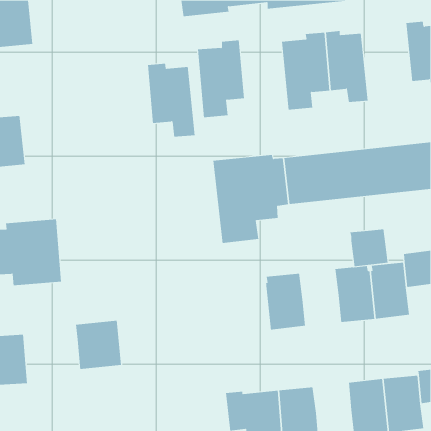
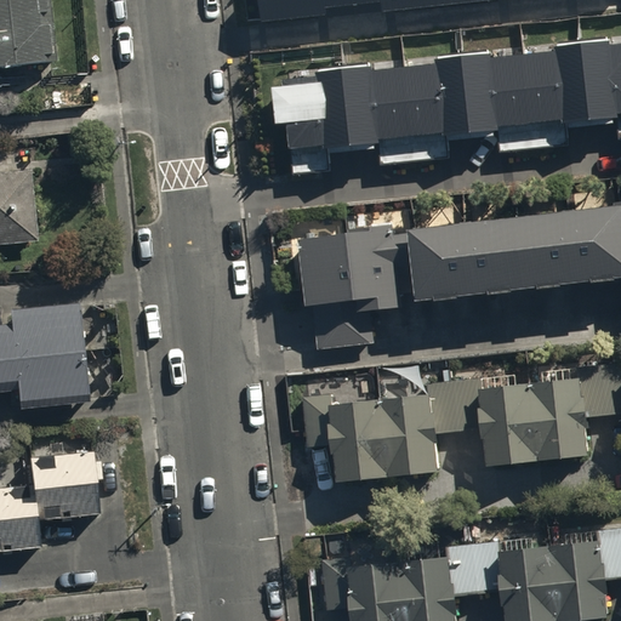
building: none -> [518,36,589,148]
building: [147,63,195,137] -> [343,58,412,164]
building: [350,229,388,267] -> [428,377,484,432]
building: none -> [302,398,387,480]
building: [75,320,122,369] -> [32,454,98,524]
building: none -> [449,545,502,594]

